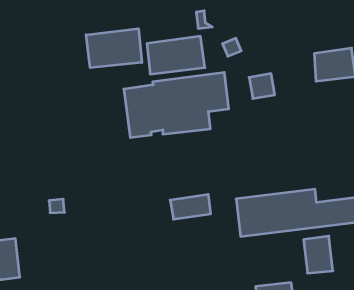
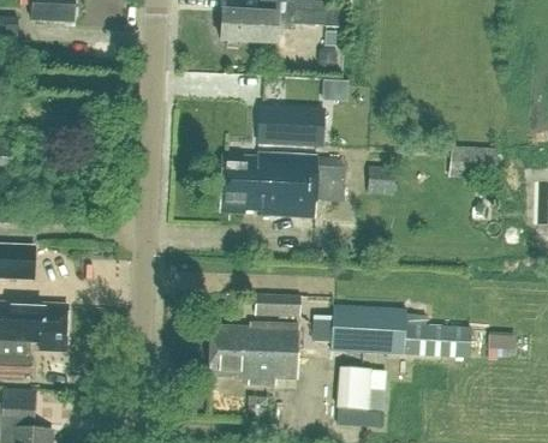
building: [86,29,142,68] -> none
building: none -> [209,323,298,385]
building: [304,236,333,273] -> [338,366,370,408]

